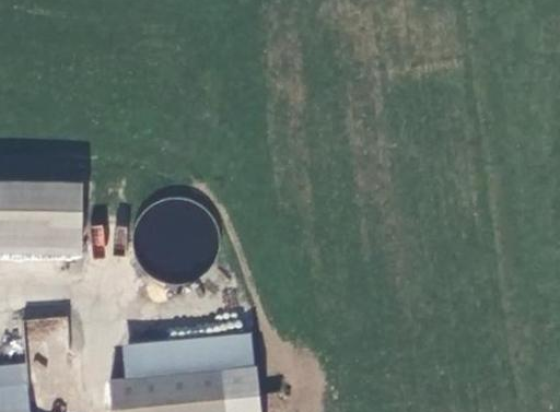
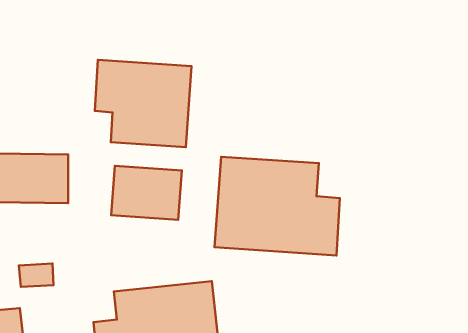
building: none -> [95,60,191,147]
building: none -> [215,157,340,256]

